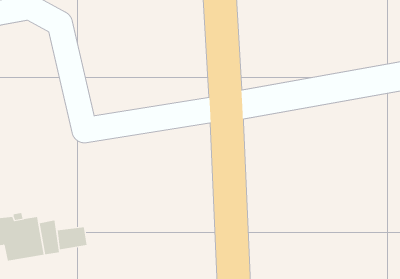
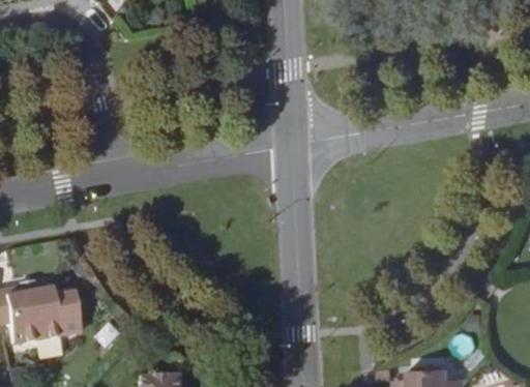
building: [57,226,87,250] -> none

